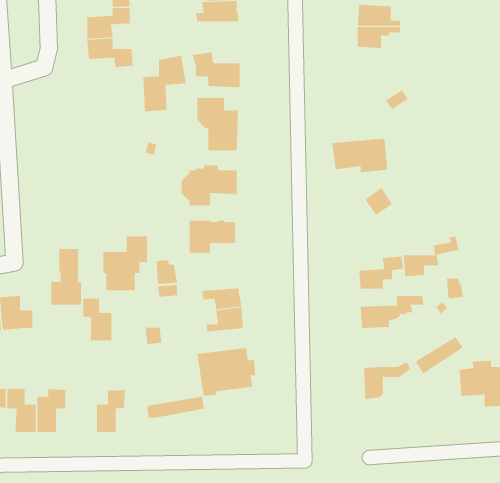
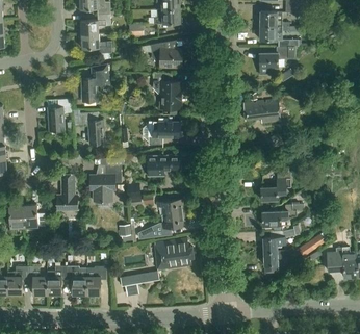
building: [143,55,186,112] -> [80,65,109,102]
building: none -> [259,47,295,76]
building: none -> [47,99,71,131]
building: none -> [79,112,104,144]
building: [403,236,459,277] -> [262,226,300,253]
building: [82,298,112,341] -> [67,267,86,296]

